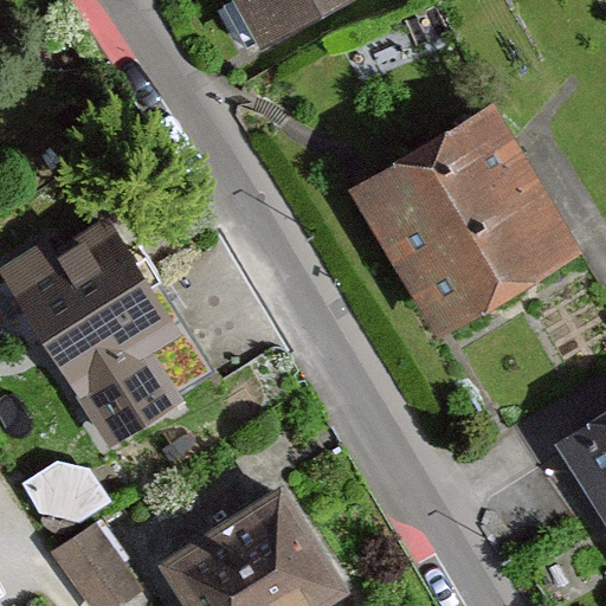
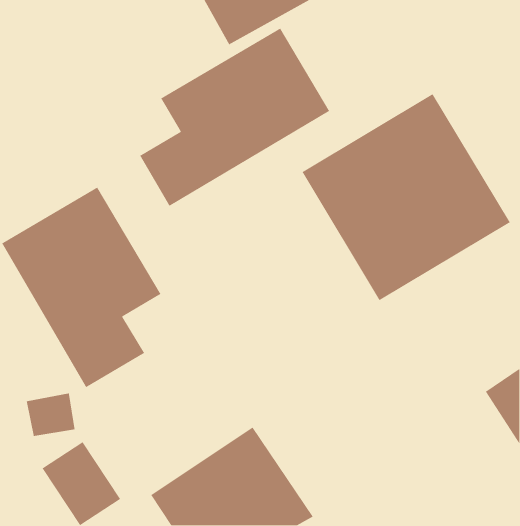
building: none -> [139,27,330,207]

